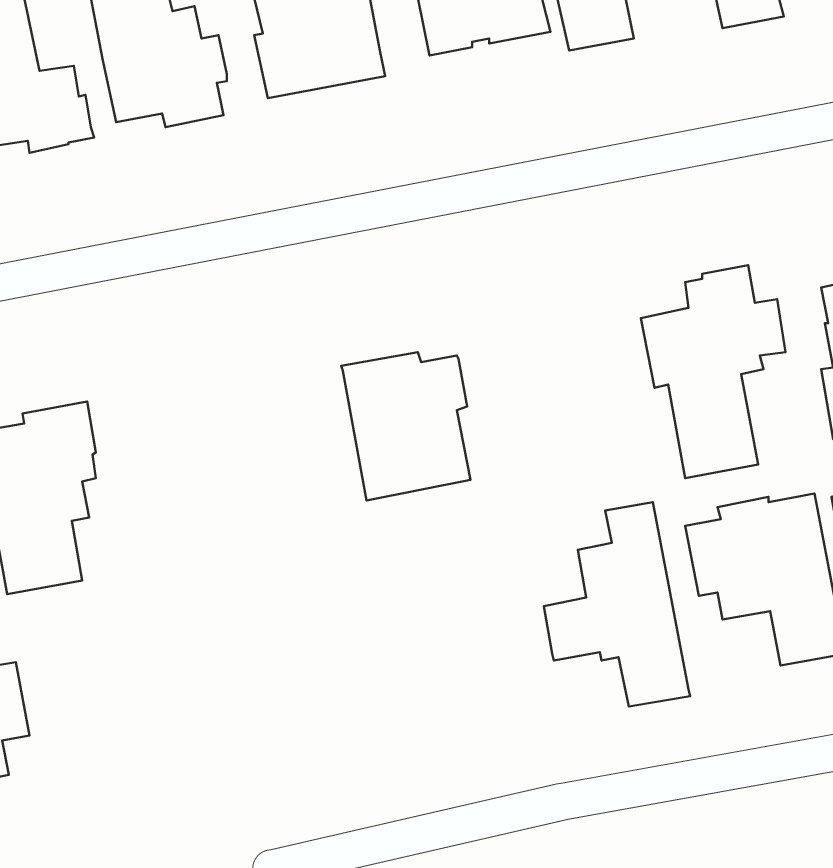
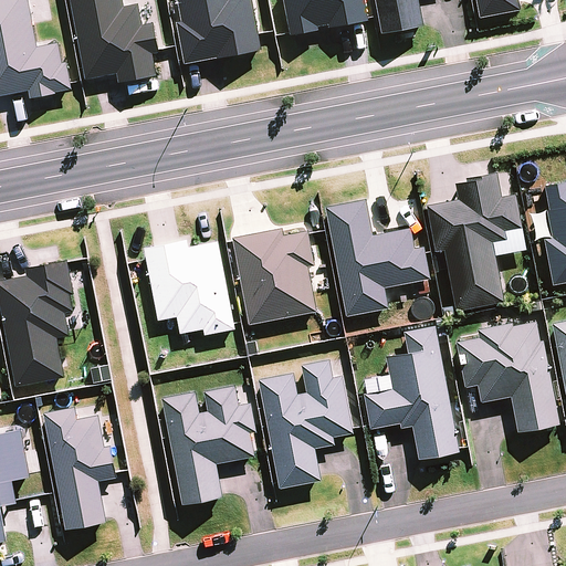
building: none -> [325,200,430,317]
building: none -> [144,240,235,335]
building: none -> [258,359,353,489]
building: none -> [161,385,256,505]
building: none -> [43,406,116,531]

